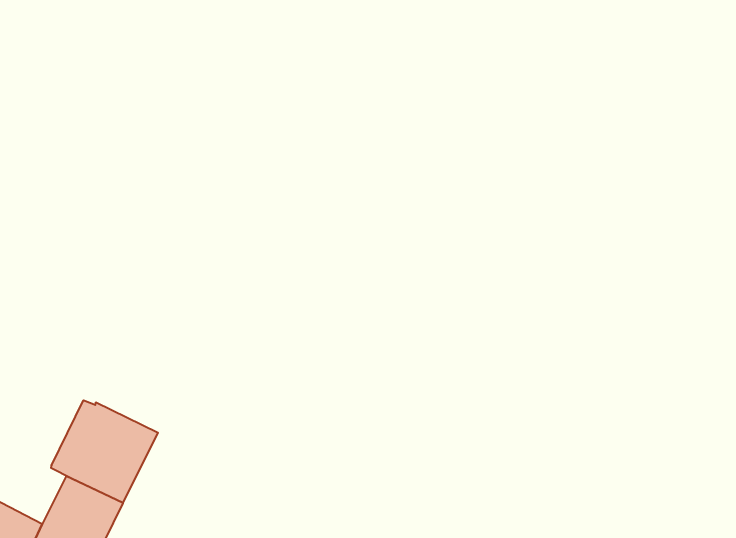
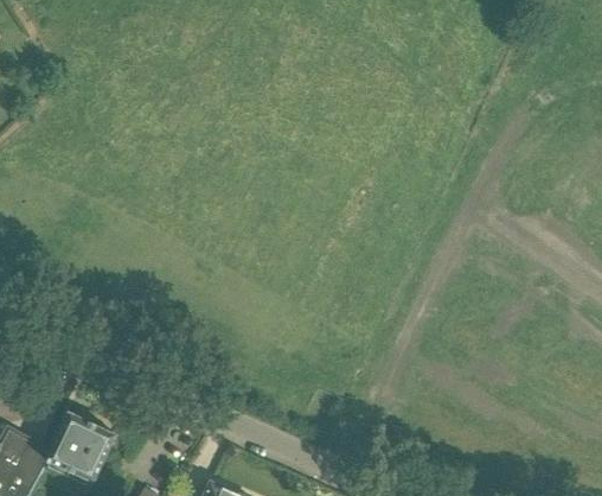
building: [51,400,158,503] -> none

